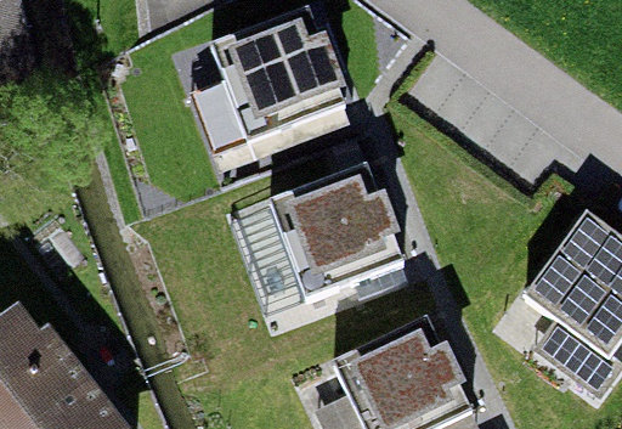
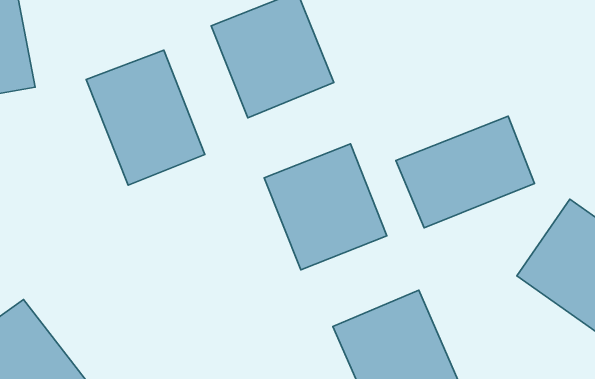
building: none -> [86,50,205,185]
building: none -> [396,116,535,228]

